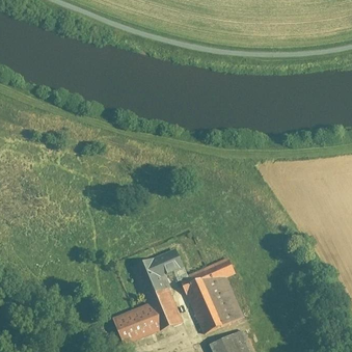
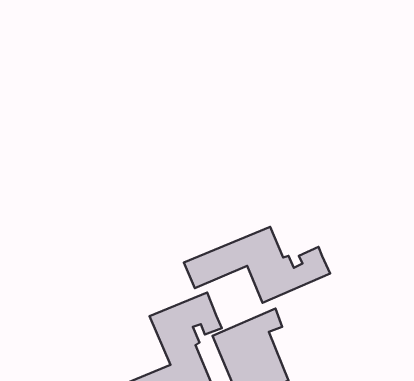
building: none -> [184,227,330,303]

